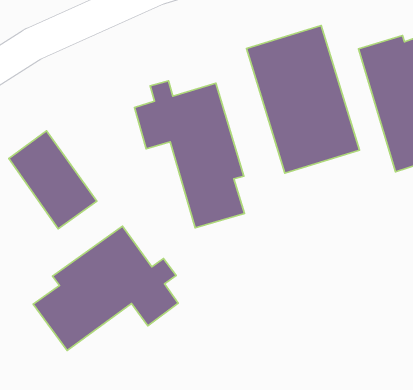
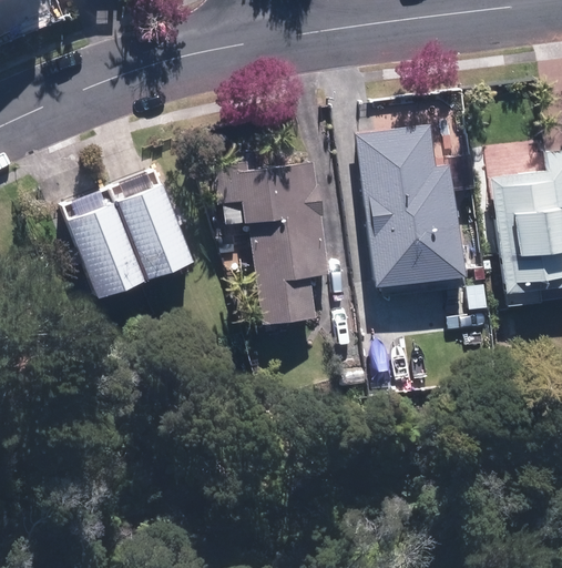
building: none -> [108,166,196,278]
building: [33,226,178,351] -> none

